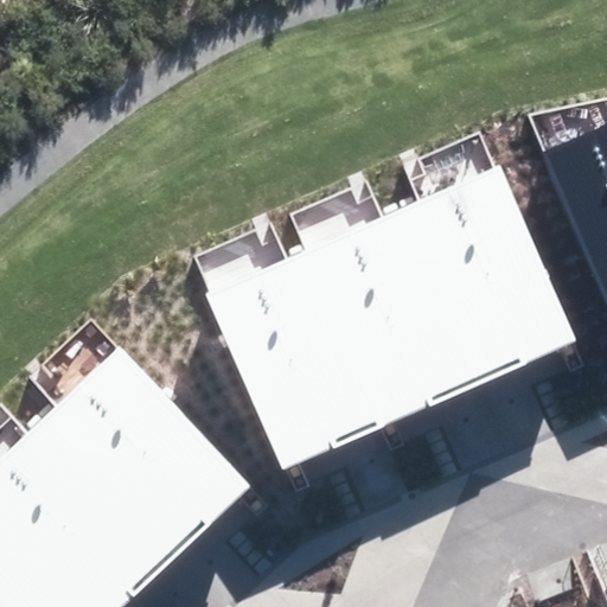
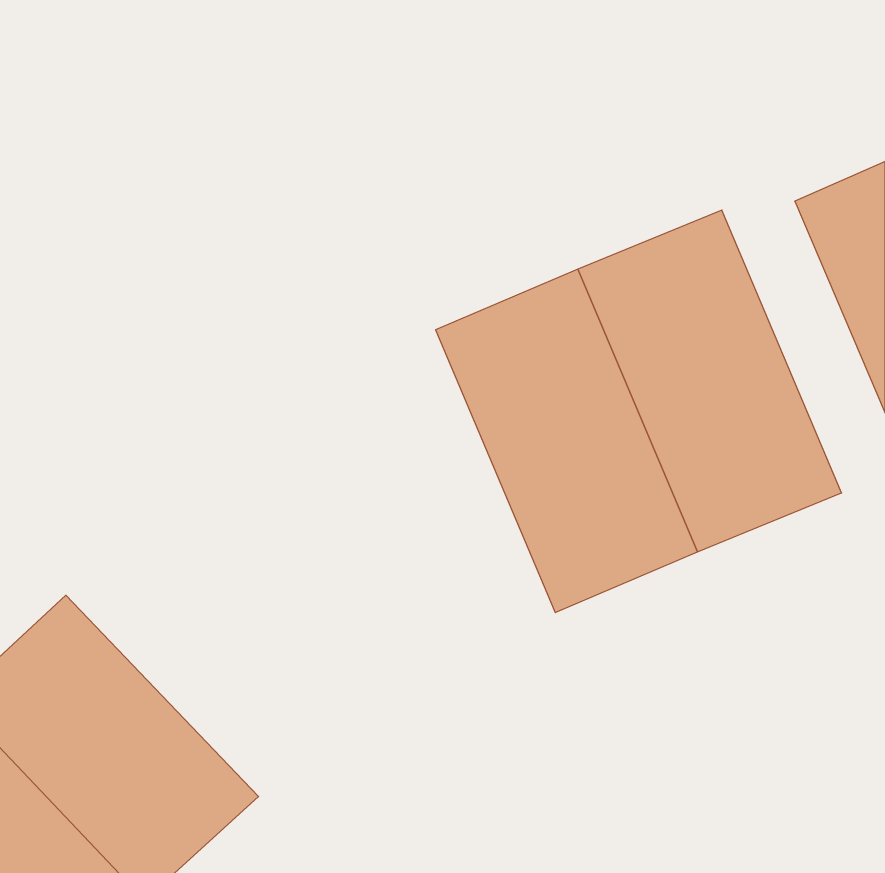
building: [200,235,379,468] -> none
building: [45,344,254,554] -> none

